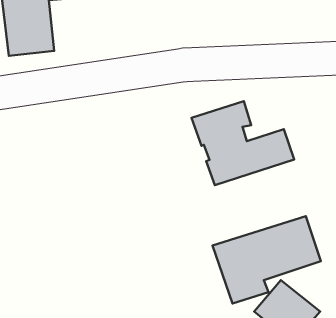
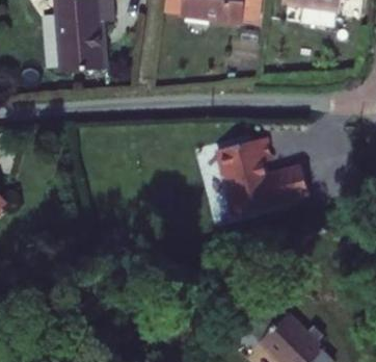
building: [213,216,321,304] -> none

